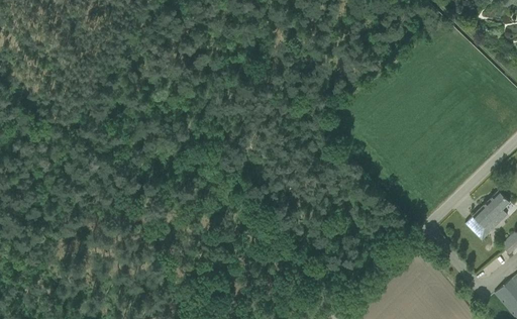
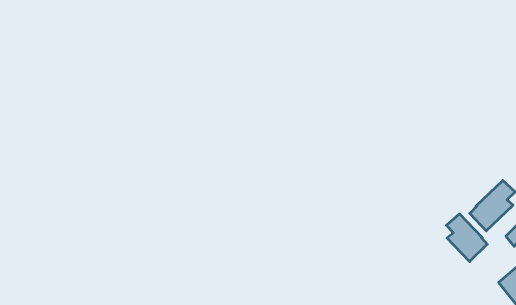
building: none -> [446,214,487,262]

